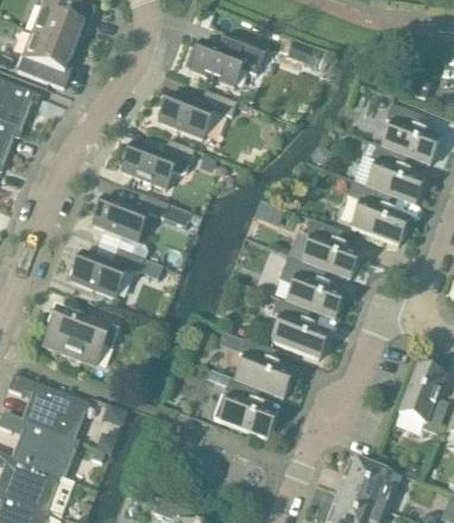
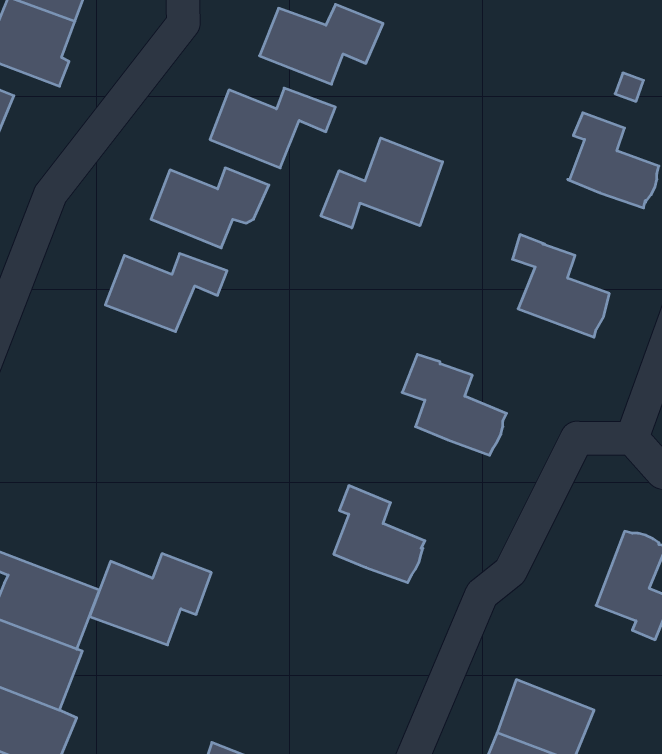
building: none -> [321,138,443,228]
building: [366,143,423,203] -> none
building: [302,218,359,278] -> none
building: [70,247,144,296] -> none
building: [271,297,328,358] -> none
building: [45,305,121,363] -> [90,554,211,645]
building: [220,376,277,437] -> none

